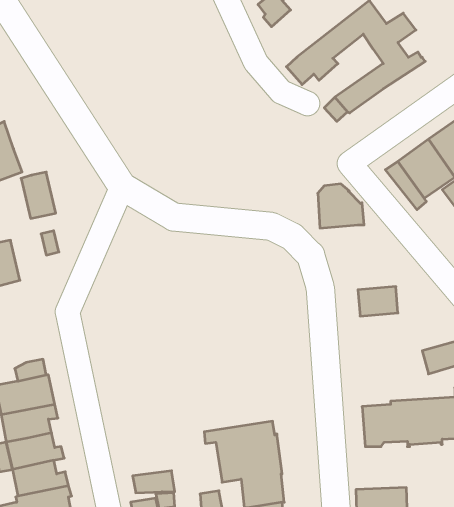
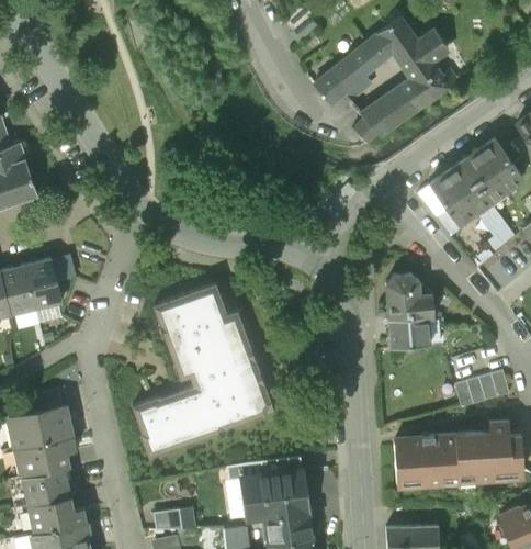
building: [21,172,56,218] -> [26,260,63,309]
building: [318,184,364,228] -> [386,272,434,318]
building: none -> [133,282,274,458]

